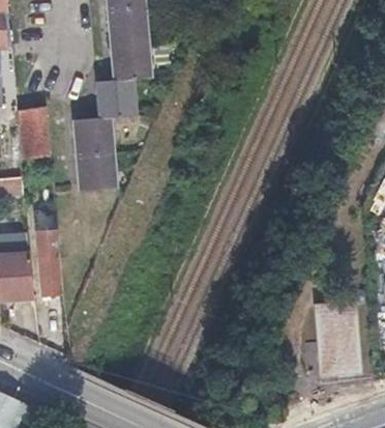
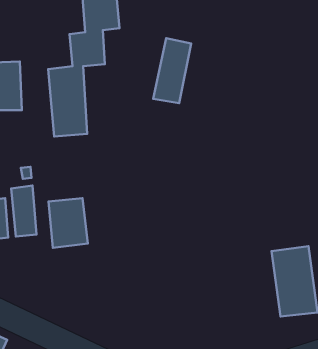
building: none -> [153,38,191,103]
building: none -> [49,198,88,248]

